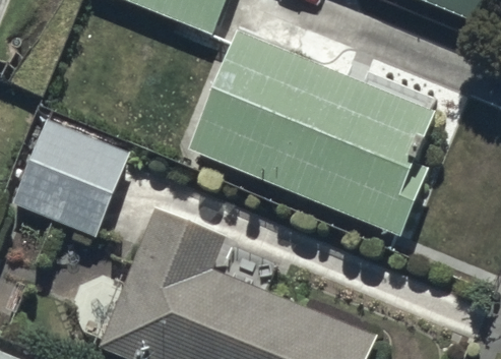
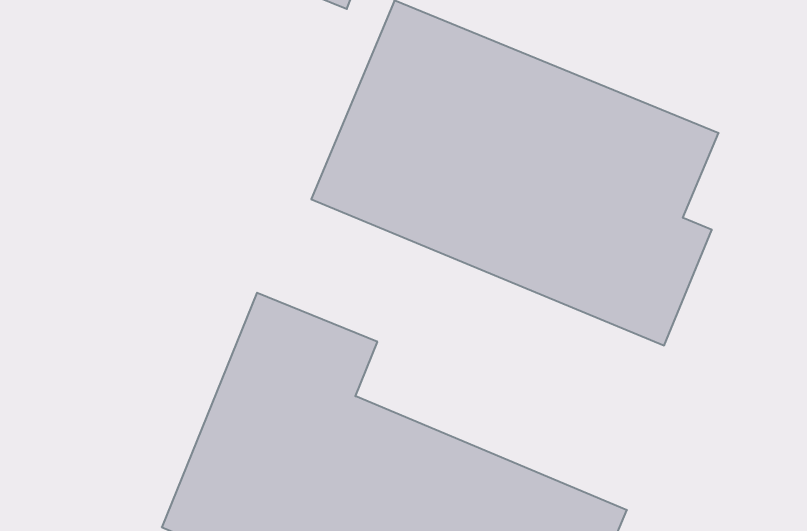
building: [13,115,126,232] -> none

